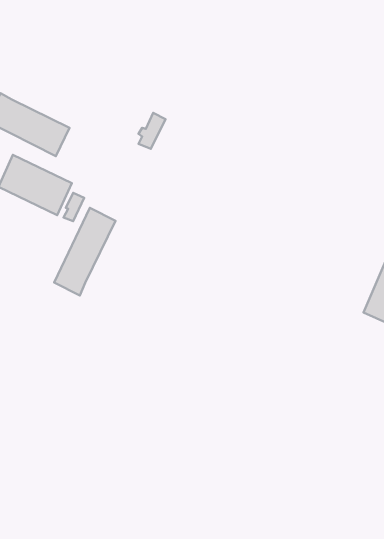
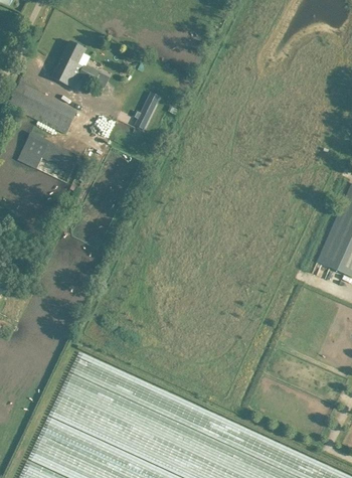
building: none -> [52,40,101,87]
building: [54,208,115,295] -> none

